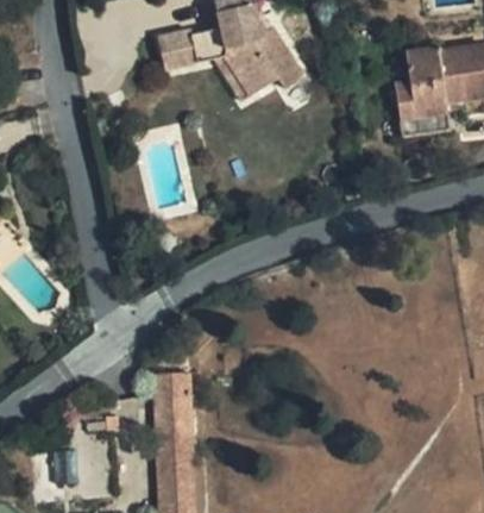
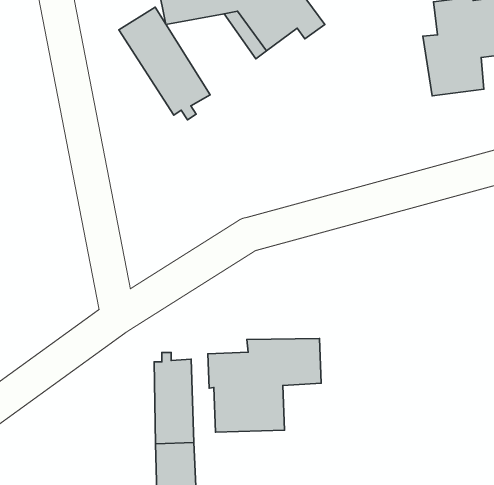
building: none -> [119,7,210,120]
building: none -> [208,338,321,432]

